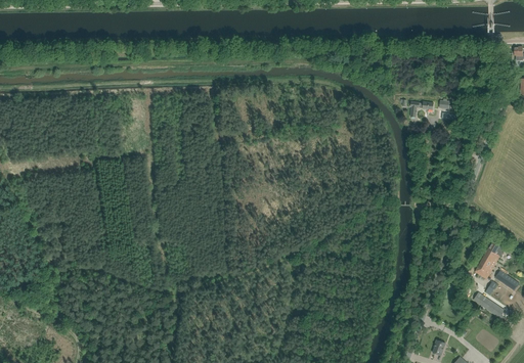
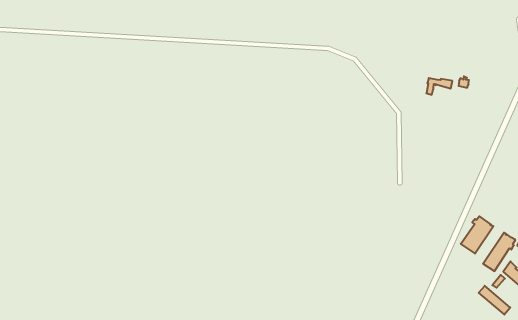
building: none -> [461,216,493,254]

